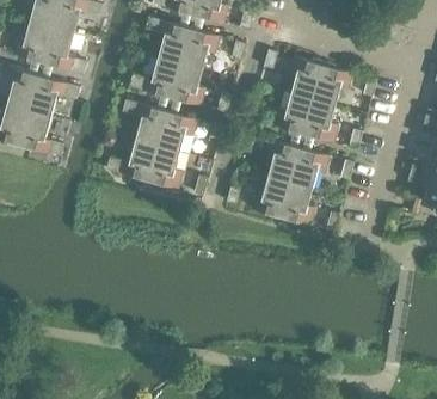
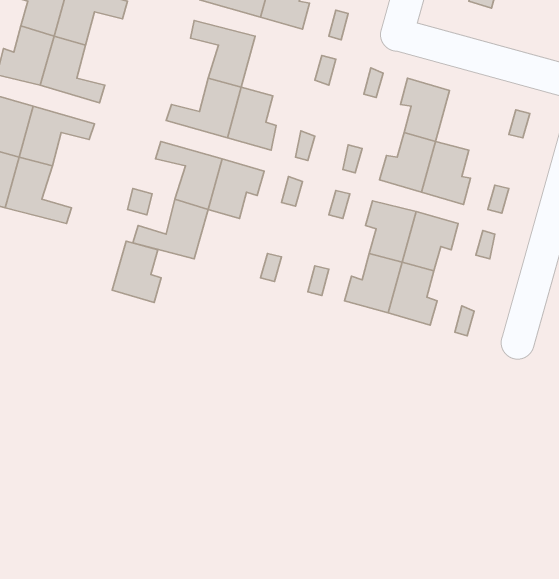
building: [181,27,220,68] -> none
building: [314,65,352,105] -> none
building: [149,146,183,188] -> [112,241,161,302]

